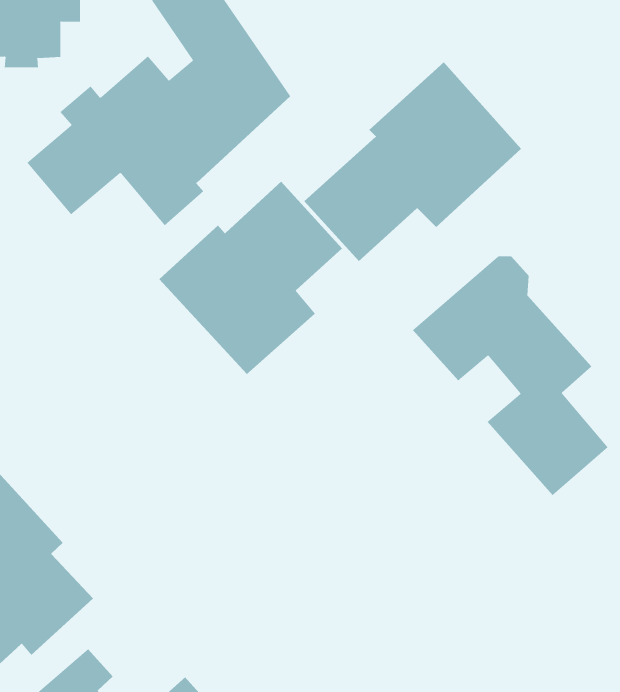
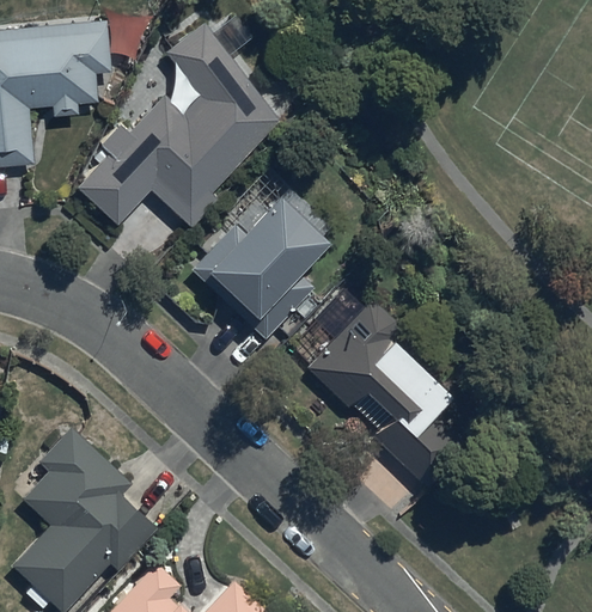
building: [304,62,522,262] -> none
building: [412,256,608,496] -> [305,305,466,490]

